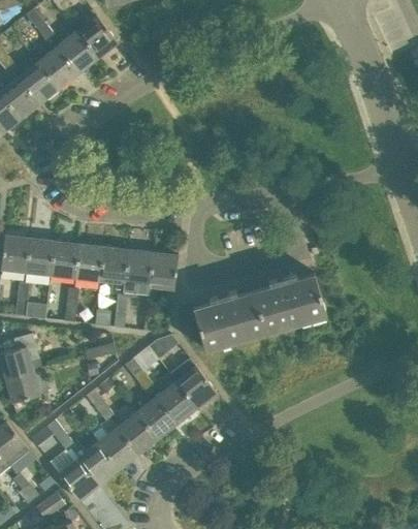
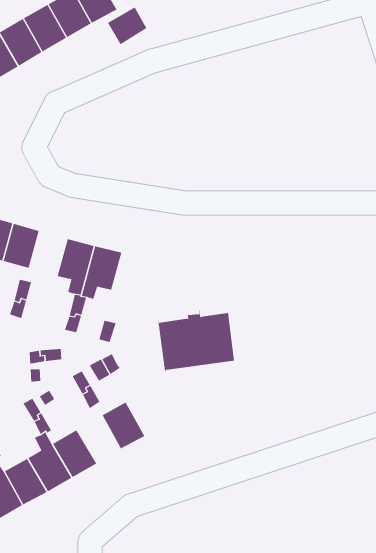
building: none -> [107,7,147,45]
building: [74,244,103,281] -> none
building: [149,252,178,289] -> none
building: [253,273,326,332] -> none
building: [169,357,216,408] -> none
building: [136,396,176,438] -> none

